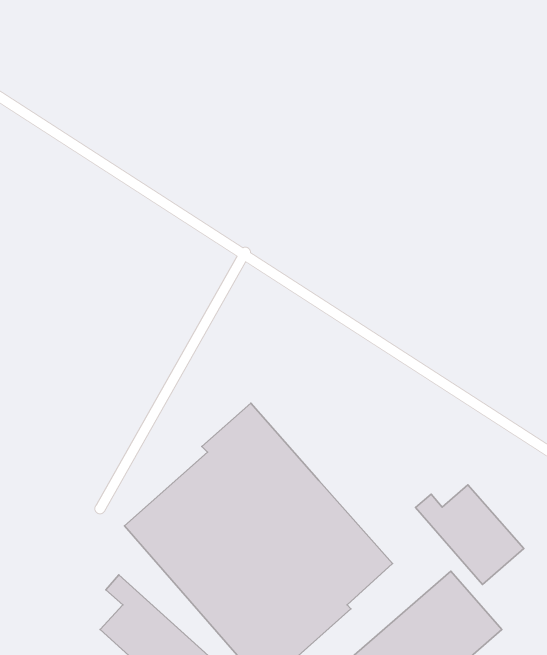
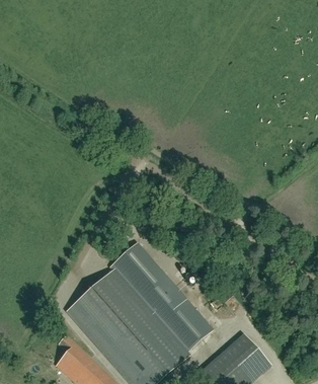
building: [416,485,524,584] -> none

